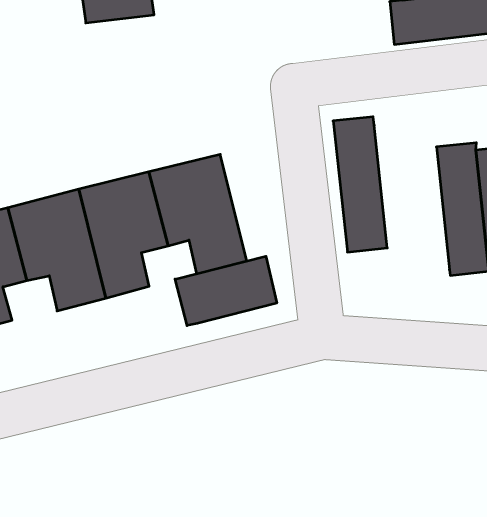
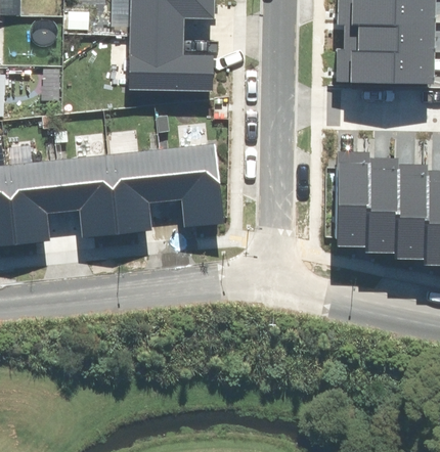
building: none -> [130,36,214,90]
building: [333,117,387,252] -> [336,151,367,246]
building: [175,256,277,326] -> none

